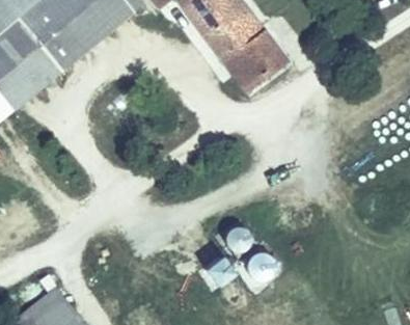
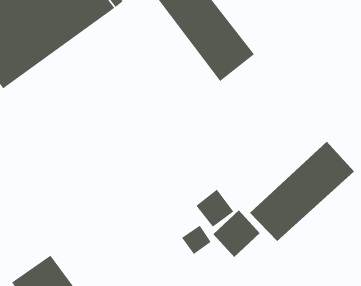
building: none -> [249,141,355,242]

